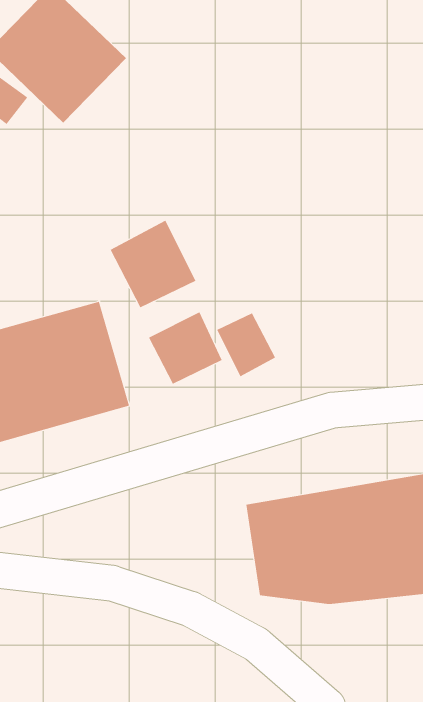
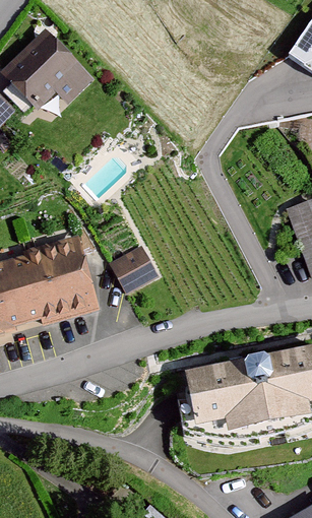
building: [110,220,196,308] -> none
building: [216,312,276,377] -> none

